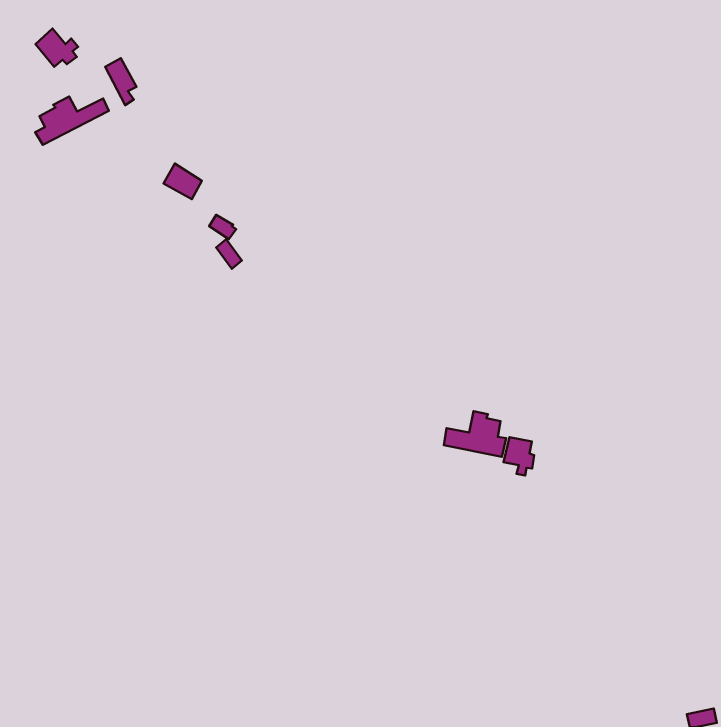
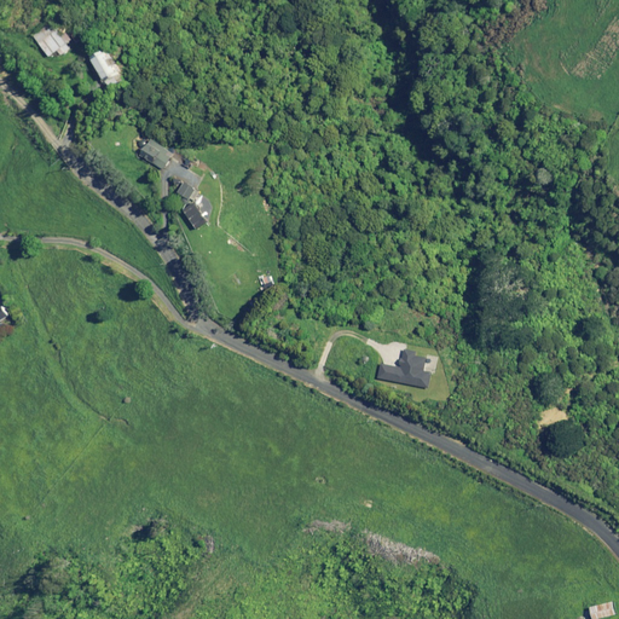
building: [35,96,109,145] -> none
building: [503,437,534,476] -> none

